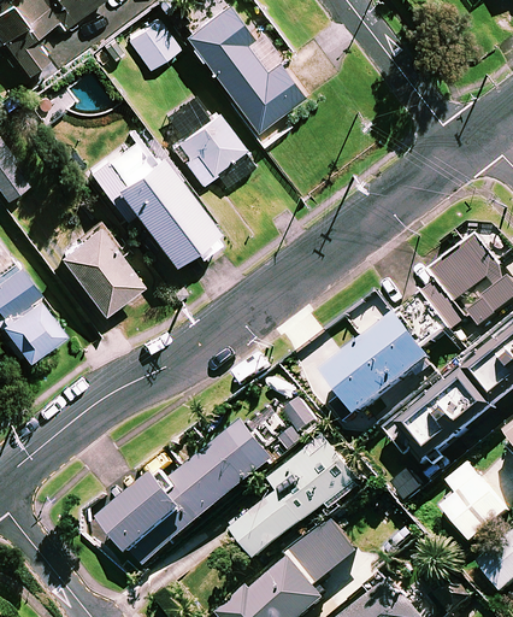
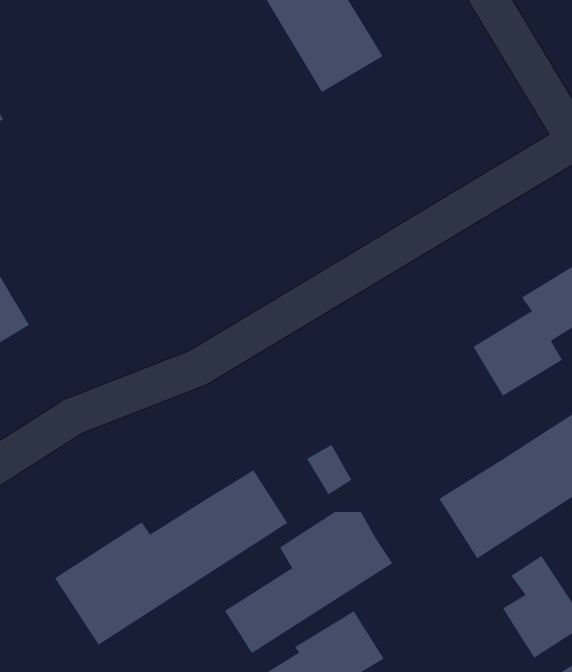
building: [176,114,248,183] -> none
building: [114,151,213,257] -> none
building: [60,224,141,312] -> none
building: [320,304,429,415] -> none

